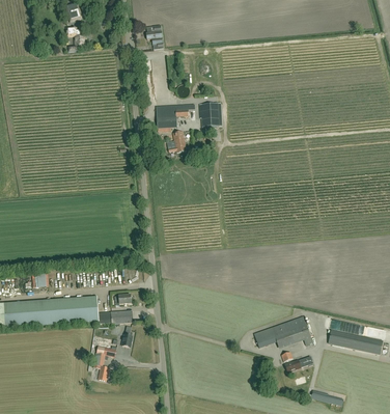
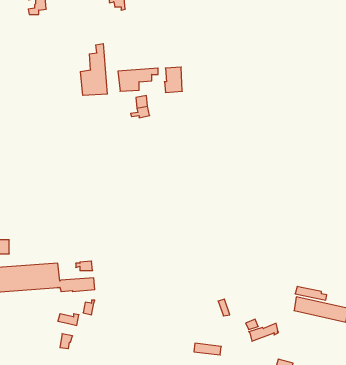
building: none -> [80,44,107,95]
building: [272,316,312,349] -> none

